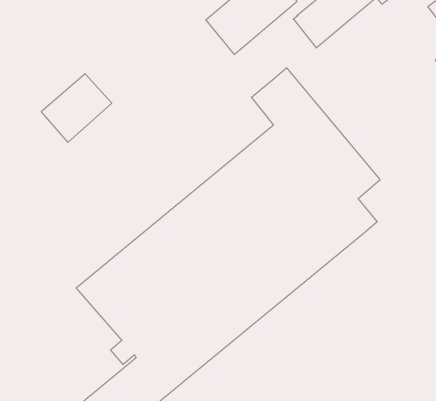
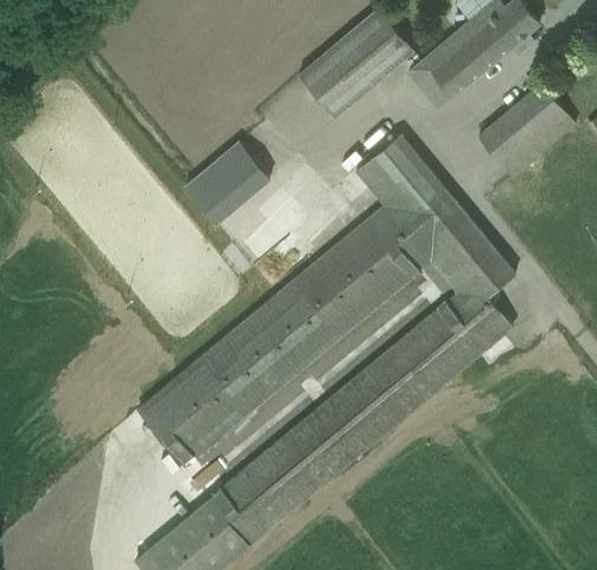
building: none -> [477,84,574,178]
building: [41,74,112,142] -> [184,139,272,224]

